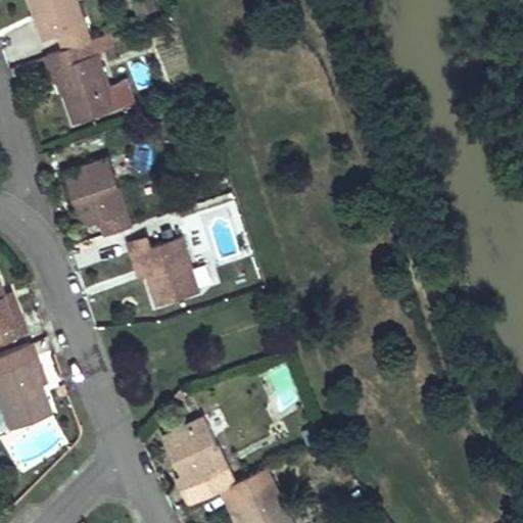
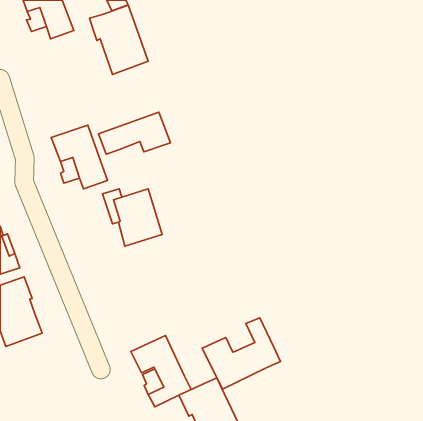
building: [45,40,117,126] -> [89,5,148,75]
building: none -> [99,112,170,154]
building: none -> [202,318,281,389]

